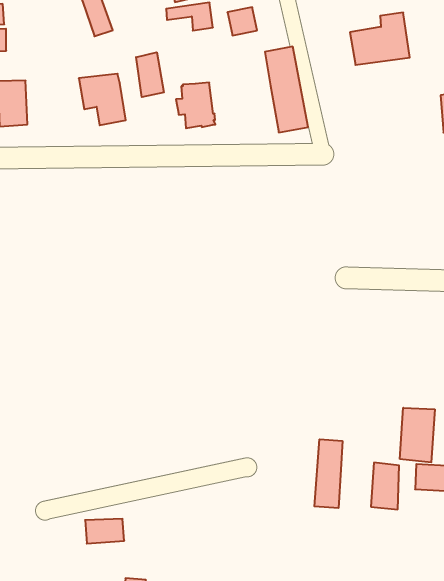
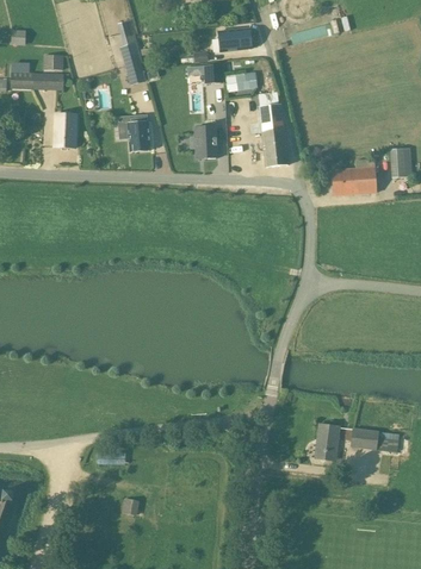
building: [350,13,410,65] -> [332,158,376,195]
building: [136,52,164,97] -> none
building: [400,408,435,462] -> none
building: [314,439,342,508] -> none

